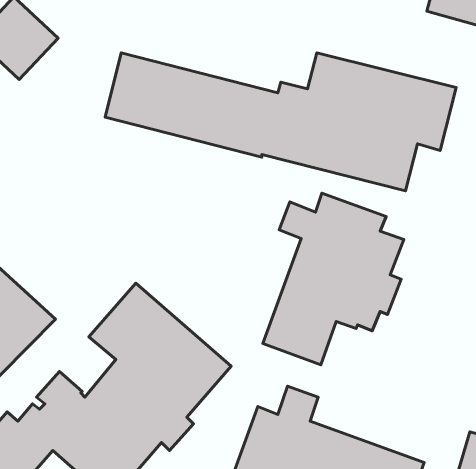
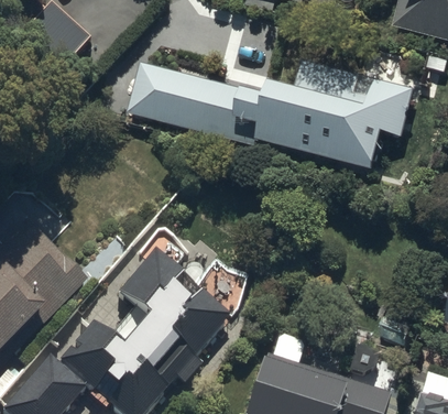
building: [263,193,404,365] -> none

